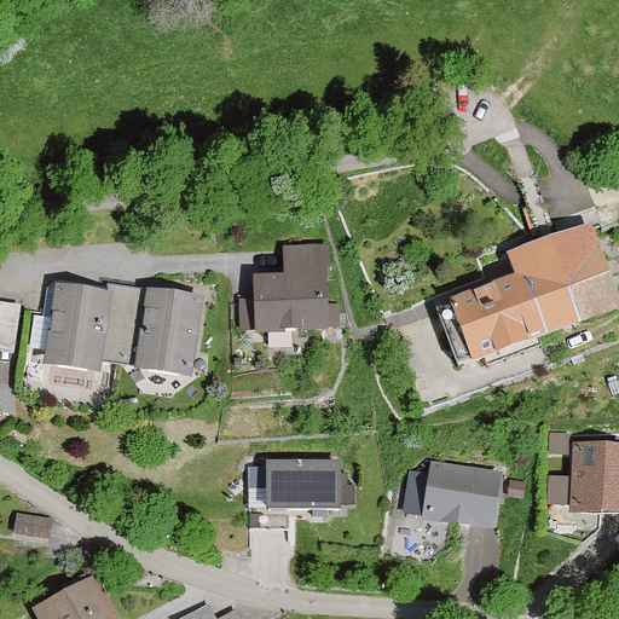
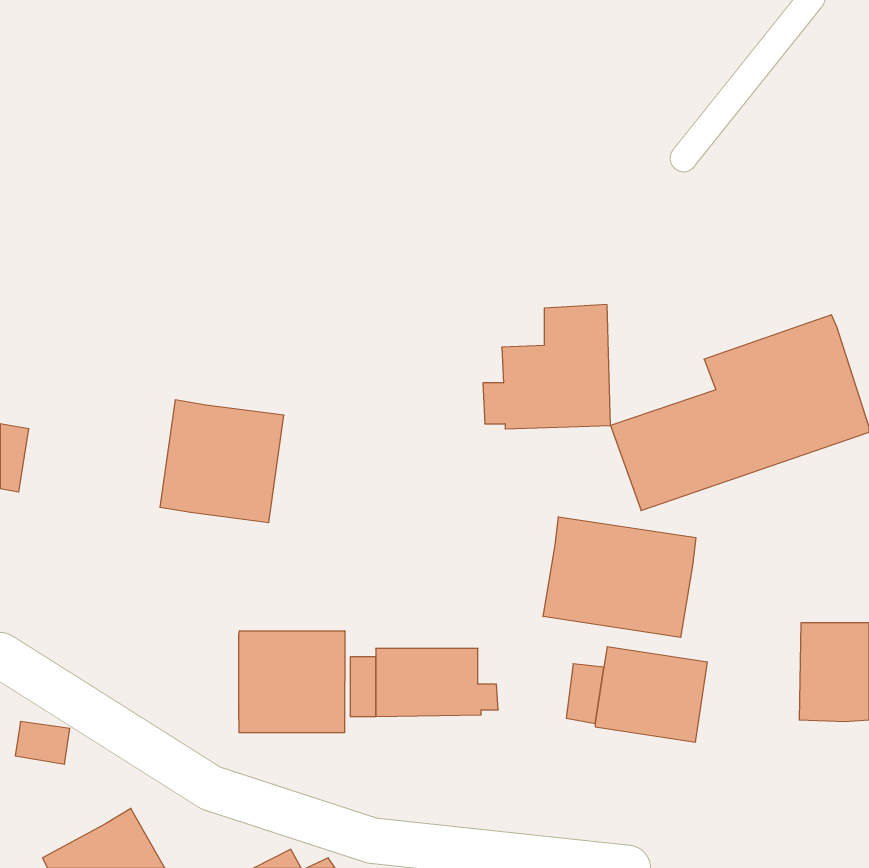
building: [239,243,330,331] -> [483,305,611,429]
building: [44,280,125,370] -> none
building: none -> [543,517,696,637]
building: none -> [239,631,345,733]

